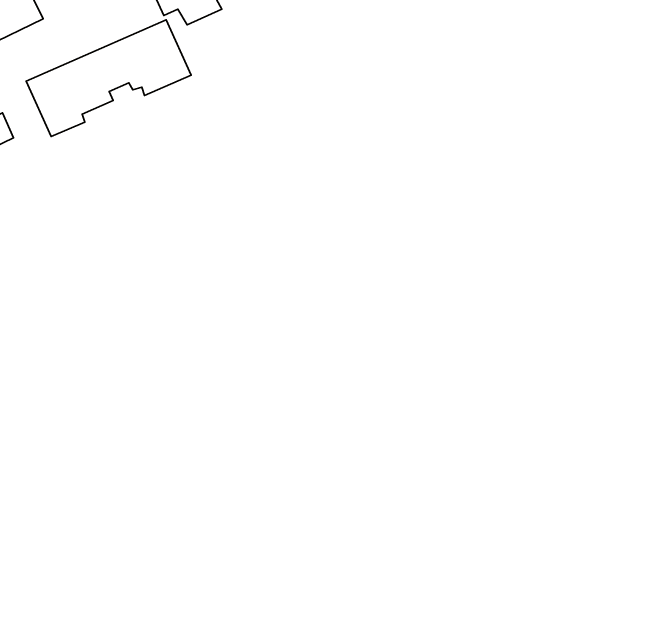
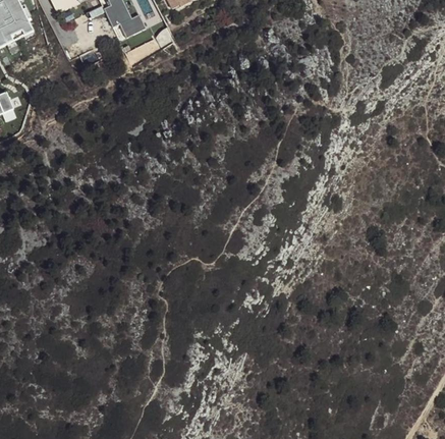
building: [26,20,191,136] -> none

